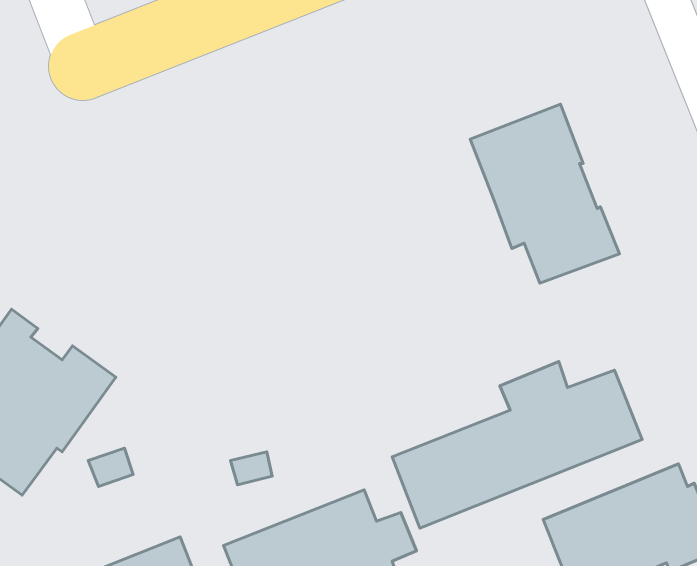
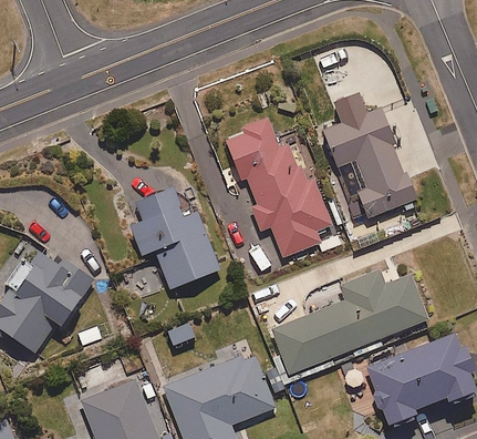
building: none -> [225,120,334,258]
building: none -> [131,187,220,288]

